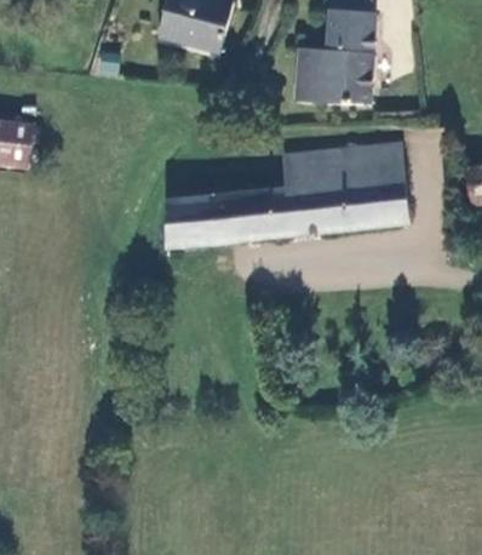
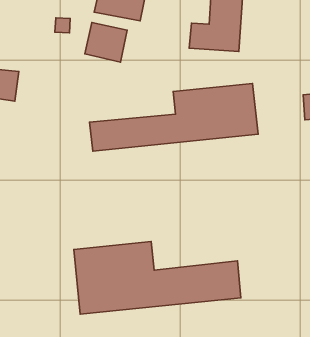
building: none -> [85,22,127,62]
building: none -> [74,241,241,314]

